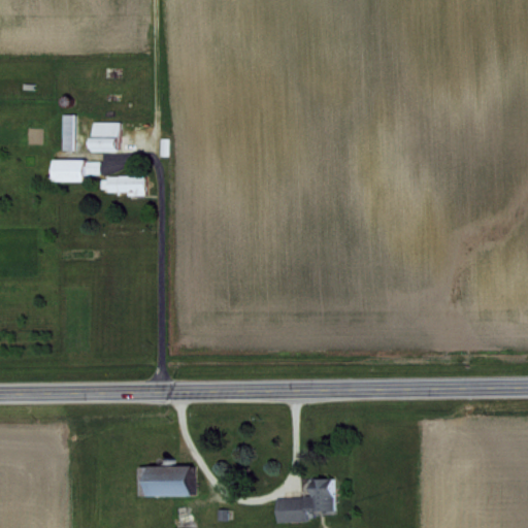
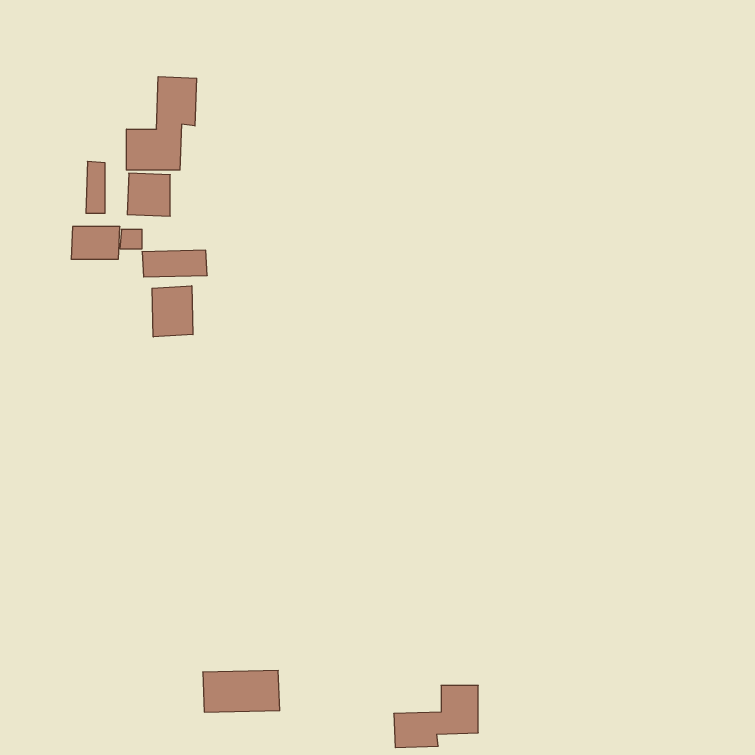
building: none -> [126,77,197,170]
building: none -> [152,286,193,337]

